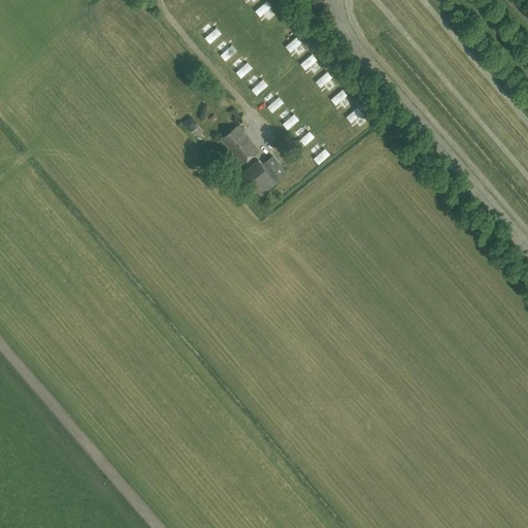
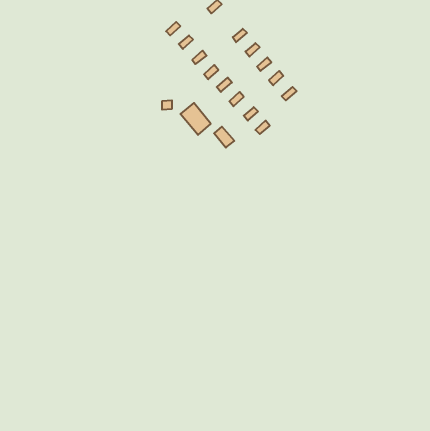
building: [241,160,276,196] -> none

